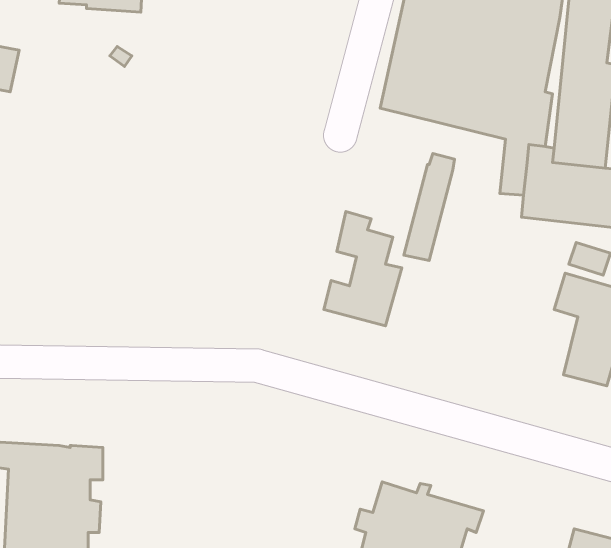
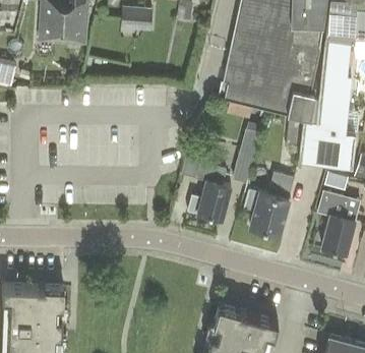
building: none -> [242,172,294,234]

